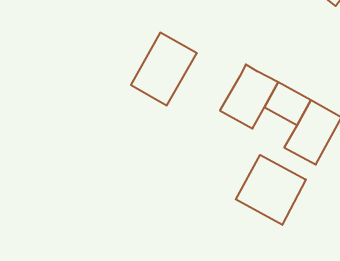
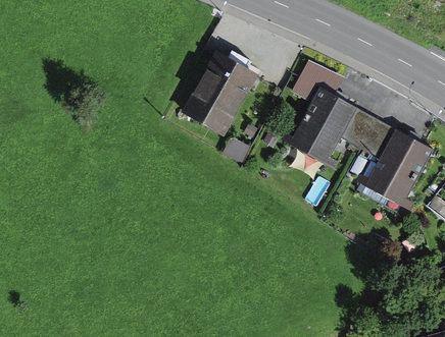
building: none -> [291,61,342,102]
building: [236,155,306,225] -> none

